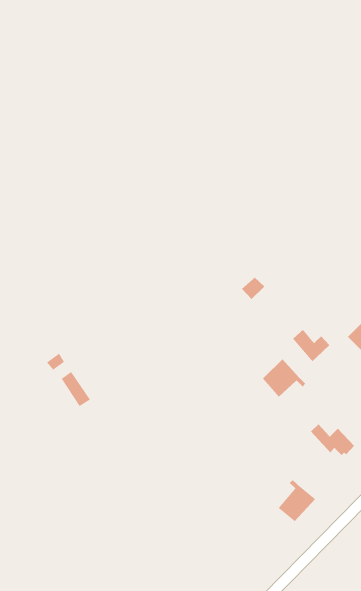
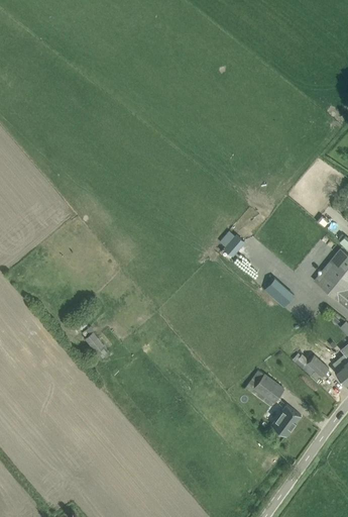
building: [262,358,306,398] -> none
building: none -> [244,370,282,406]

